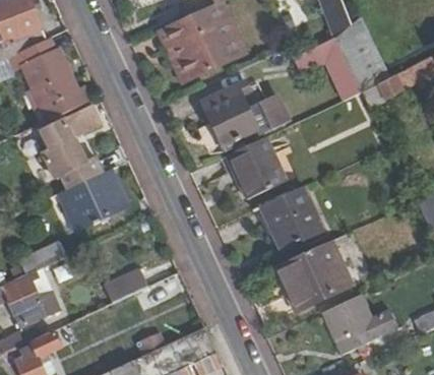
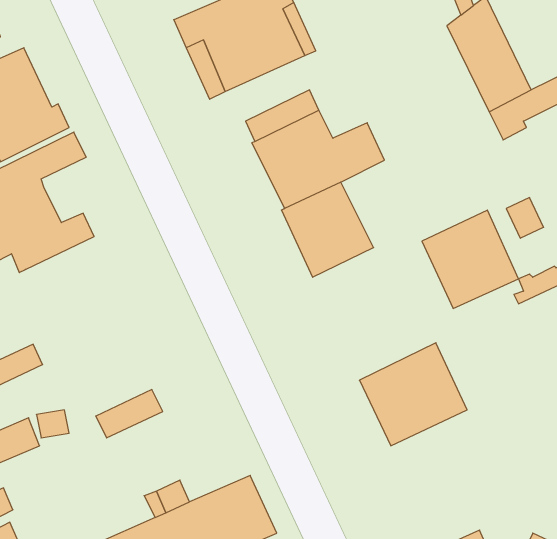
building: [292,36,361,100] -> none
building: [59,170,129,231] -> none
building: [267,182,330,246] -> [422,210,519,308]
building: [322,292,381,353] -> none

